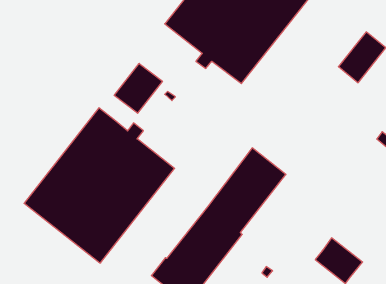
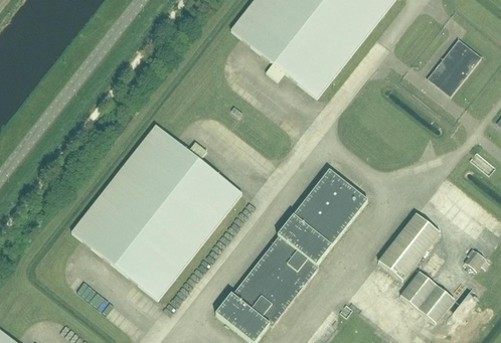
building: [114,63,162,113] -> none
building: none -> [378,213,440,280]

